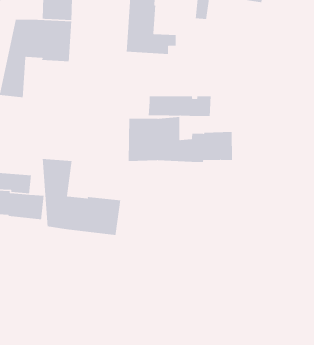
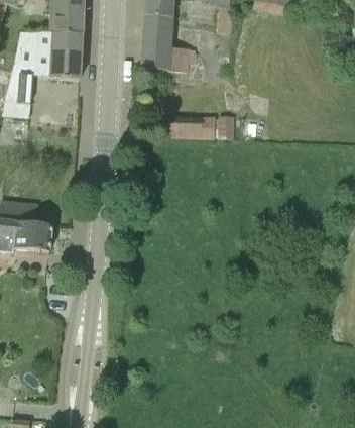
building: [128,116,233,163] -> none
building: [42,158,121,236] -> none

